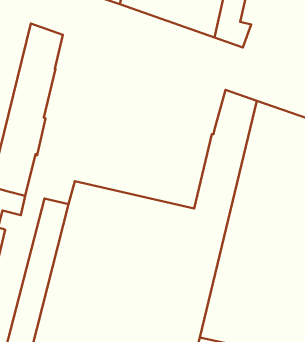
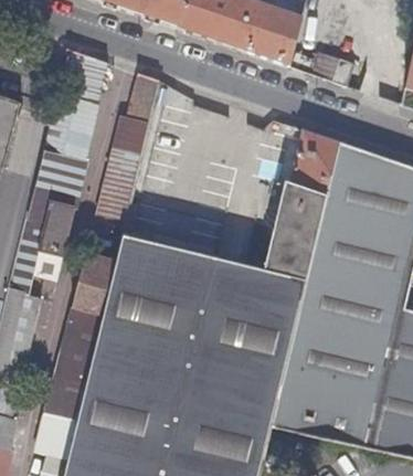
building: none -> [96,72,161,218]

